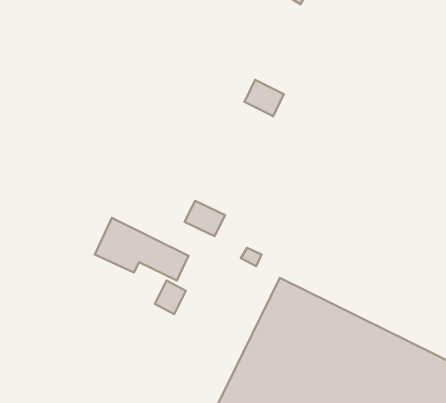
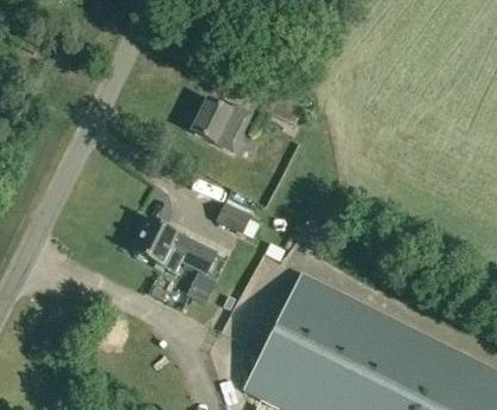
building: none -> [189,98,251,153]

